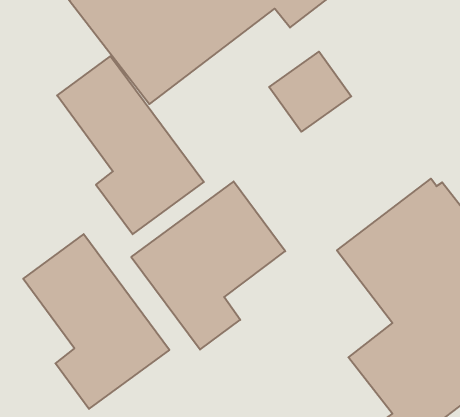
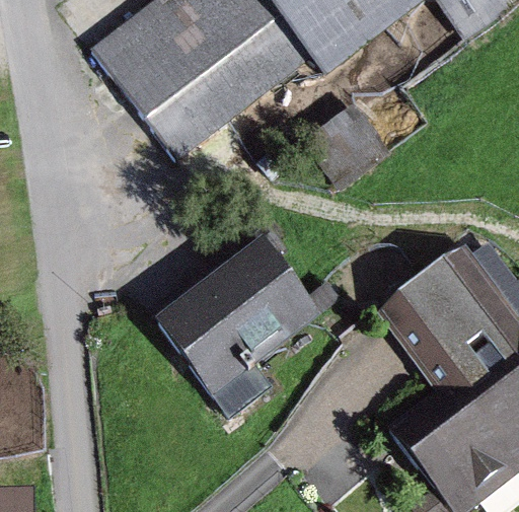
building: [57,56,204,234] -> none
building: [23,234,169,409] -> none

